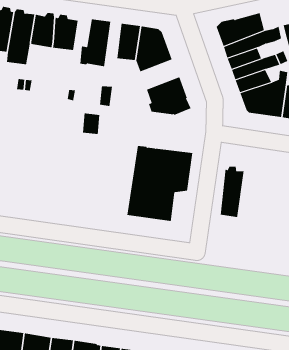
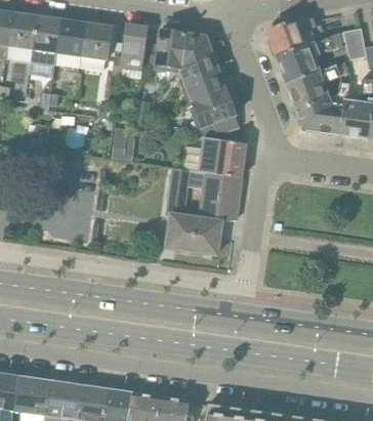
building: none -> [181,71,226,104]
building: none -> [199,137,246,176]
building: [220,166,244,218] -> none

